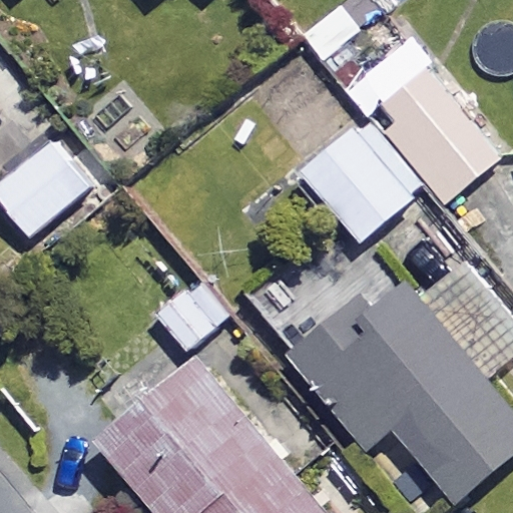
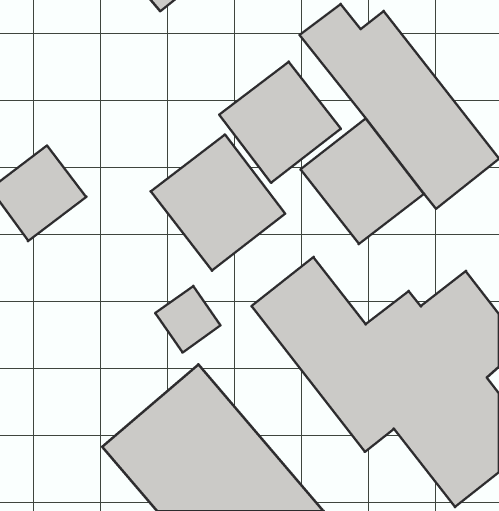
building: none -> [219,62,341,183]
building: none -> [151,135,285,271]

